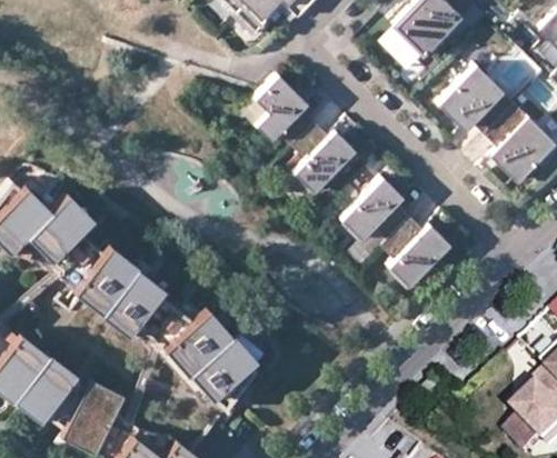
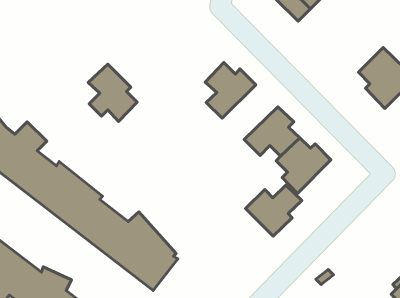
building: [439,64,516,135] -> none
building: [255,74,316,147] -> [88,64,137,121]
building: none -> [246,185,302,236]

